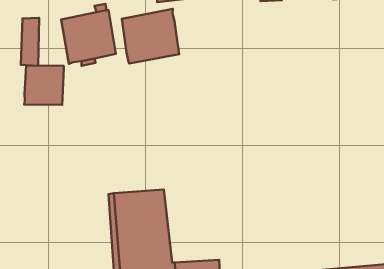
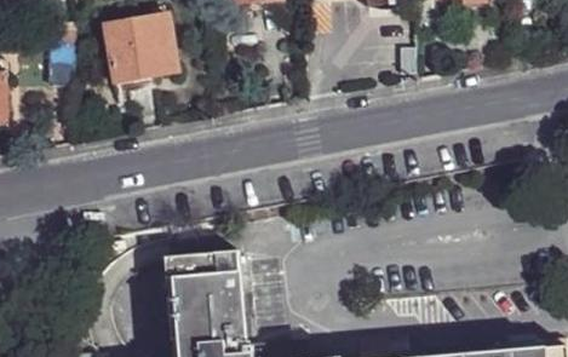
building: [122,9,179,64] -> none
building: [24,66,64,105] -> none

